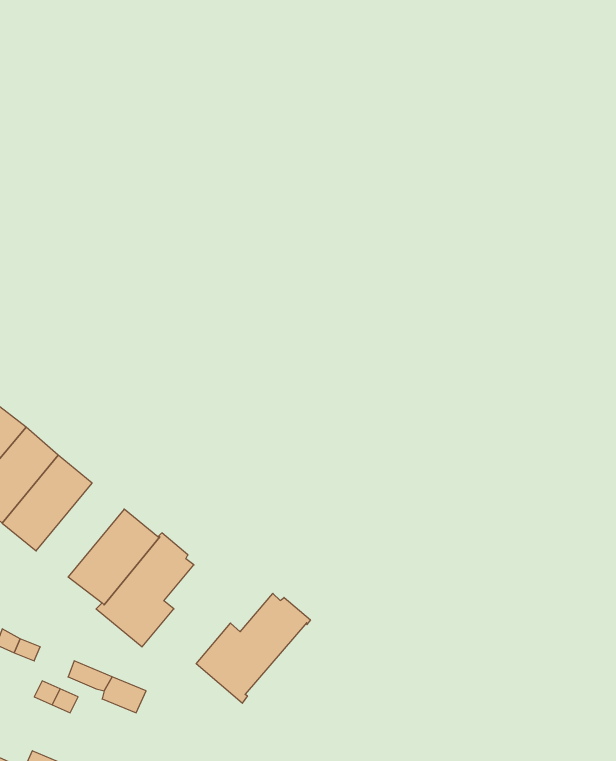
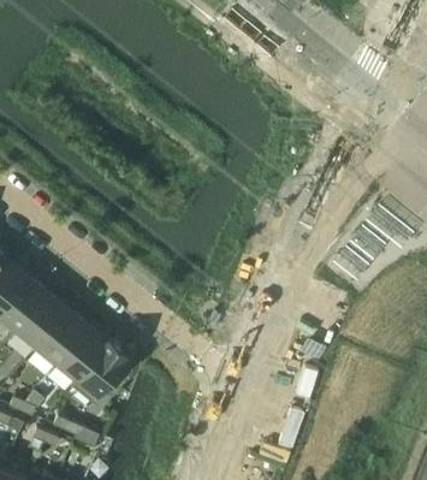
building: none -> [32,308,85,365]
building: [196,593,310,703] -> none

